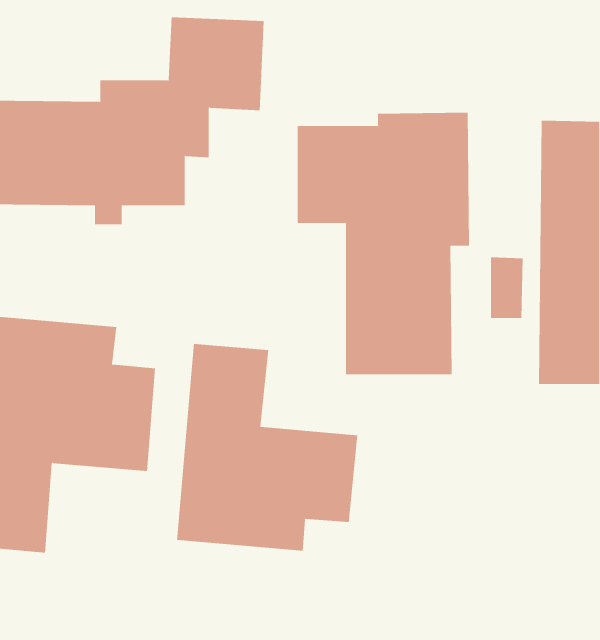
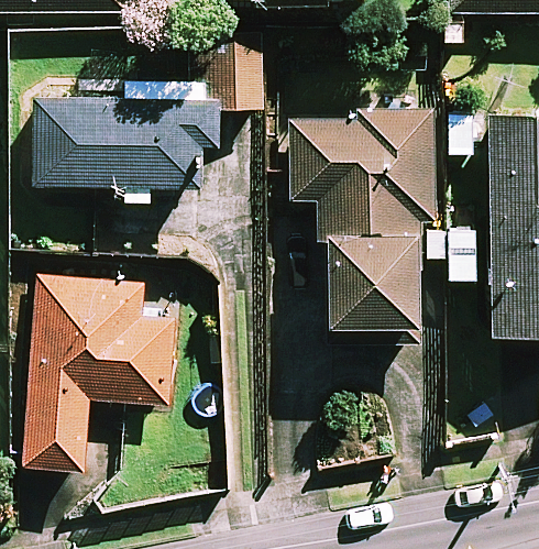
building: [176,343,358,552] -> none

